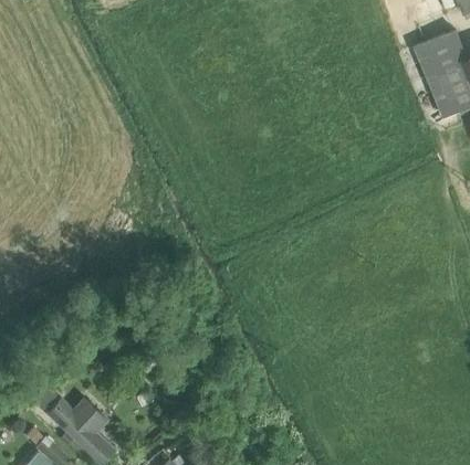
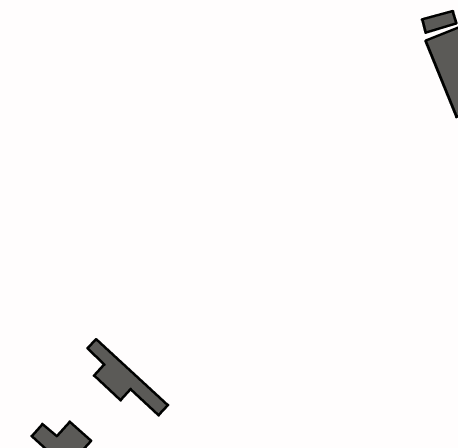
building: none -> [88,339,168,415]

